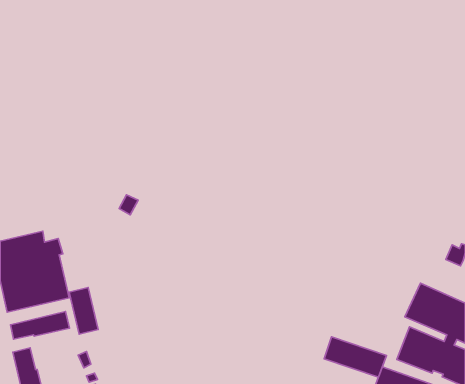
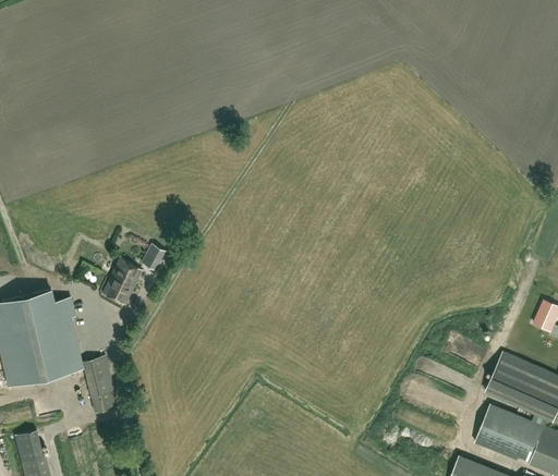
building: none -> [104,258,143,305]
building: [11,312,70,339] -> none
building: [324,337,386,377] -> none

